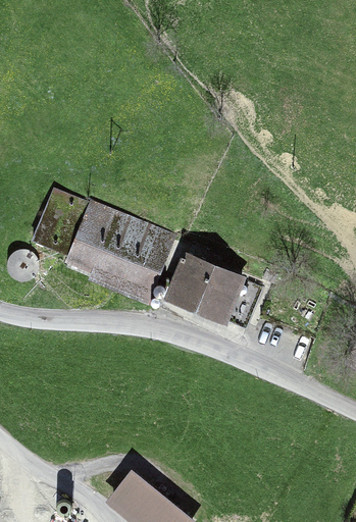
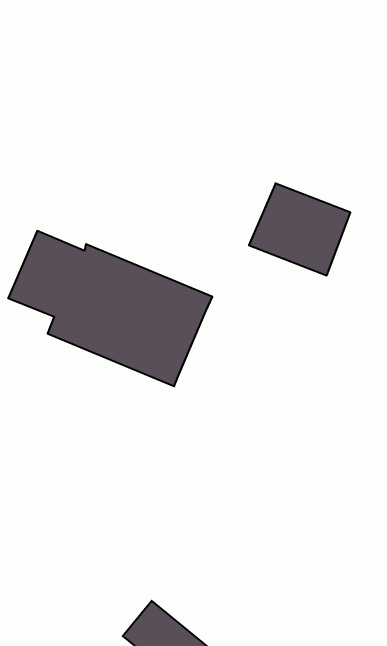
building: [164,253,243,324] -> [249,183,350,275]

